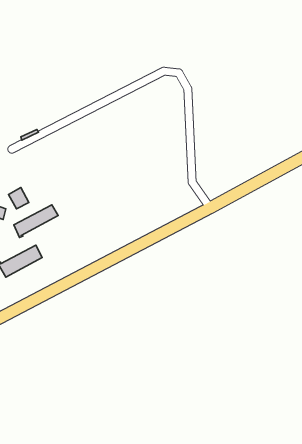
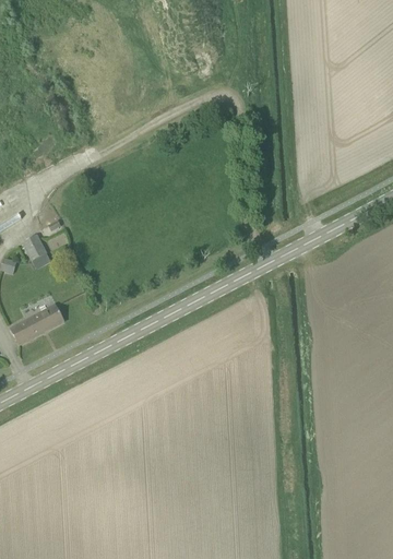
building: [14,205,58,238] -> none

